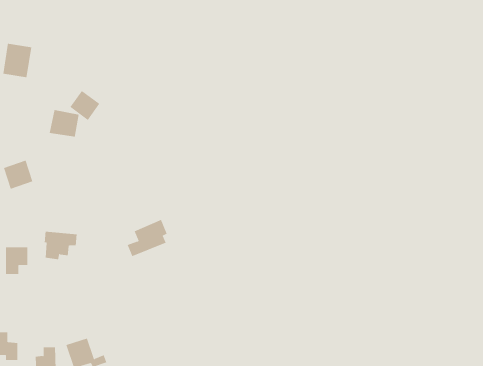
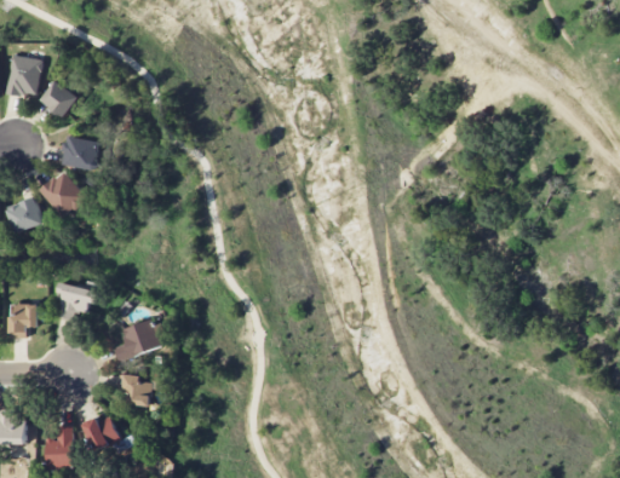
building: [70,90,100,121] -> [41,80,79,117]
building: none -> [41,171,88,218]
building: [127,219,167,257] -> [113,316,162,362]
building: none -> [122,374,153,407]

